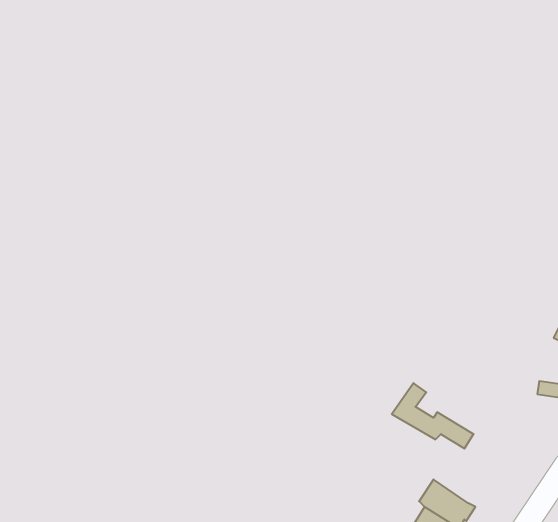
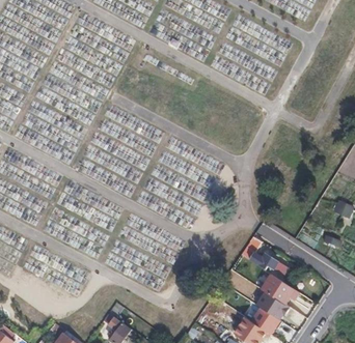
building: none -> [261,274,299,305]

